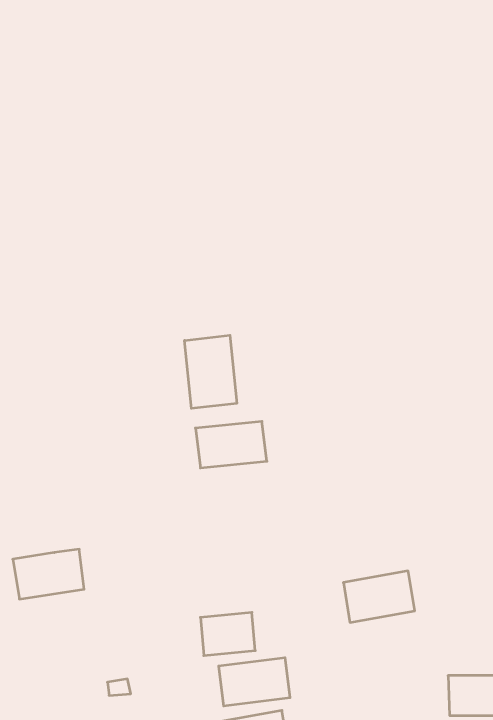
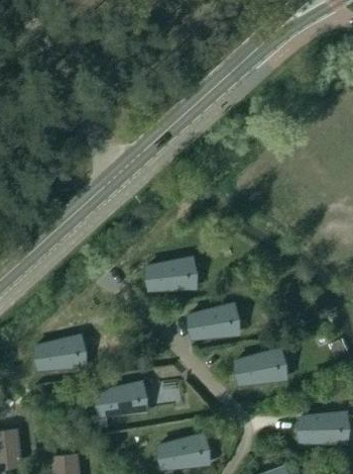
building: [185,335,237,408] -> none
building: none -> [191,308,234,339]
building: [219,658,290,706] -> [99,386,142,415]

